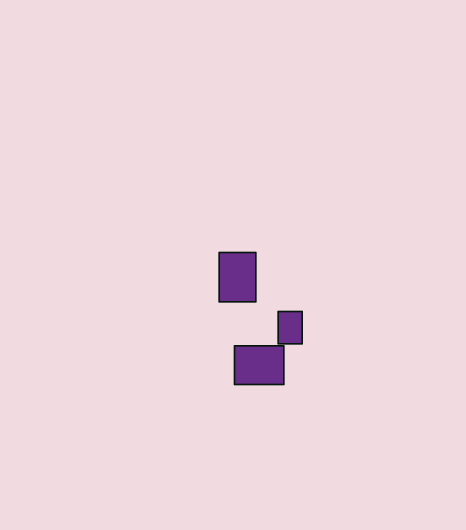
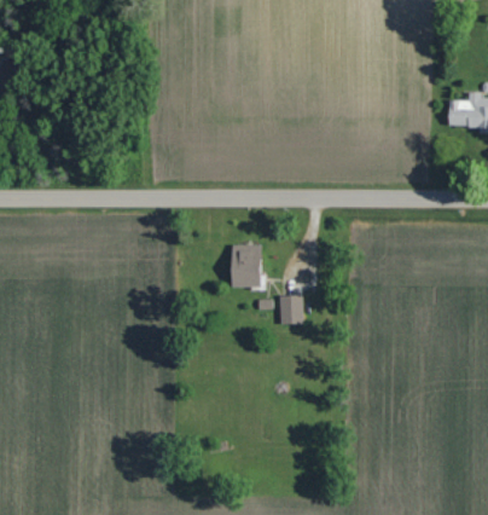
building: [235,346,284,384] -> none

